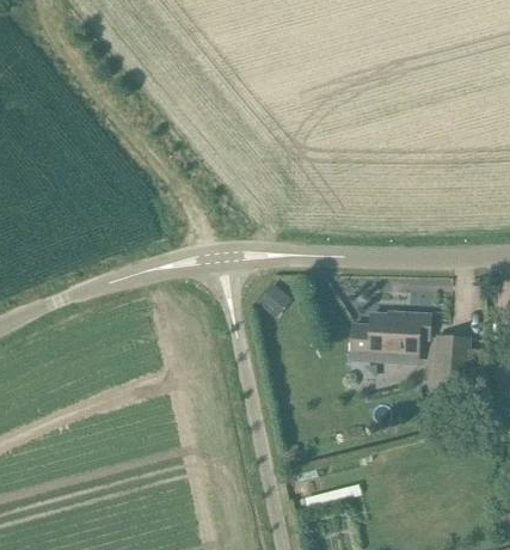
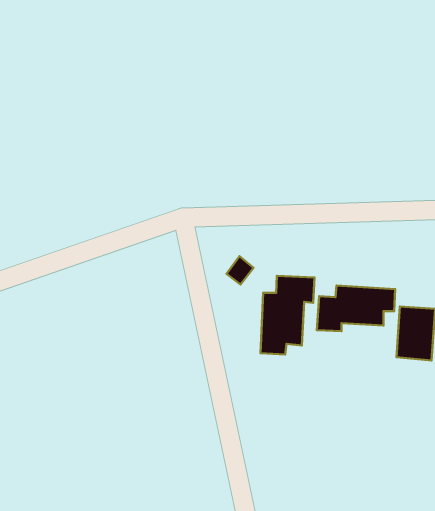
building: none -> [260,276,315,355]

